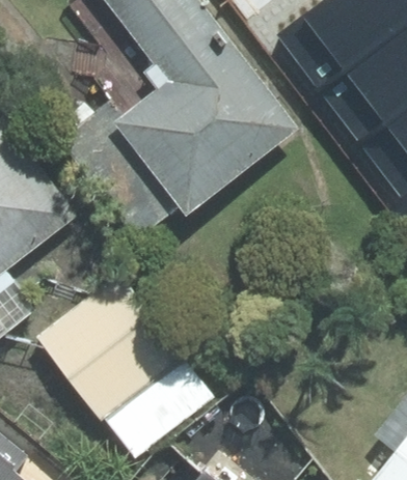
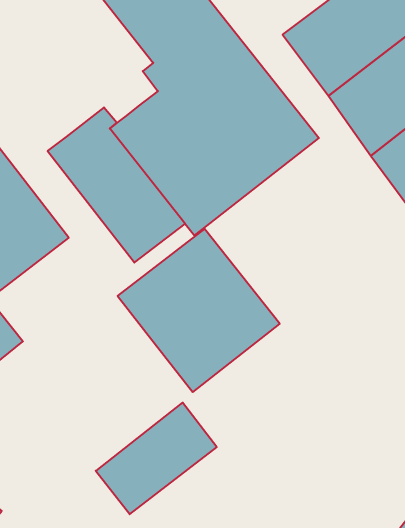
building: [38,277,182,421] -> [118,229,280,392]

